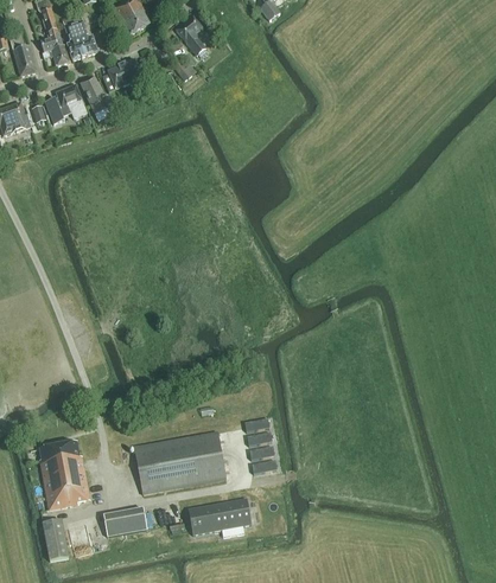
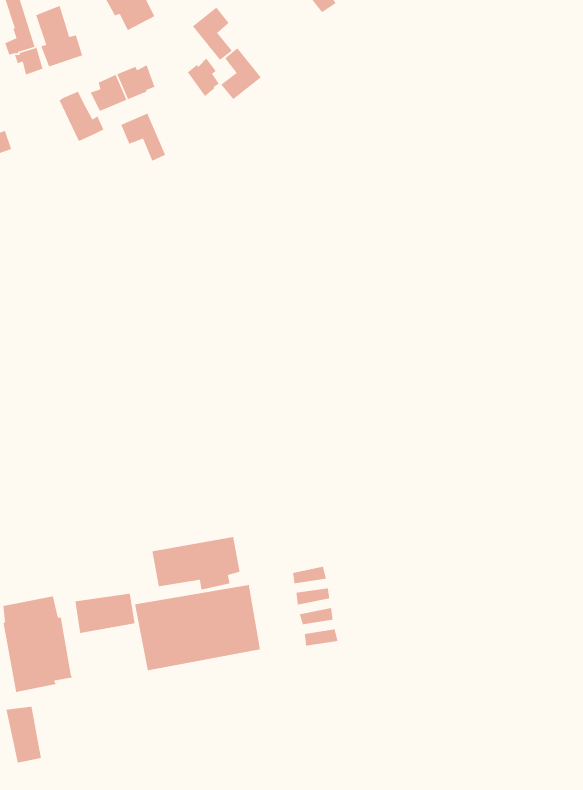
building: none -> [220,47,262,100]
building: [44,84,87,123] -> none
building: none -> [120,112,166,162]
building: [187,498,252,537] -> [152,536,240,590]
building: [103,507,147,537] -> [75,593,135,634]

